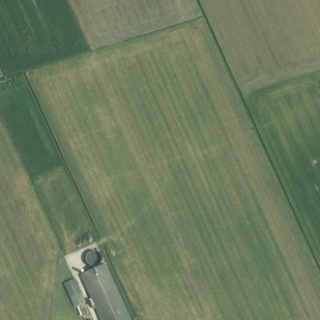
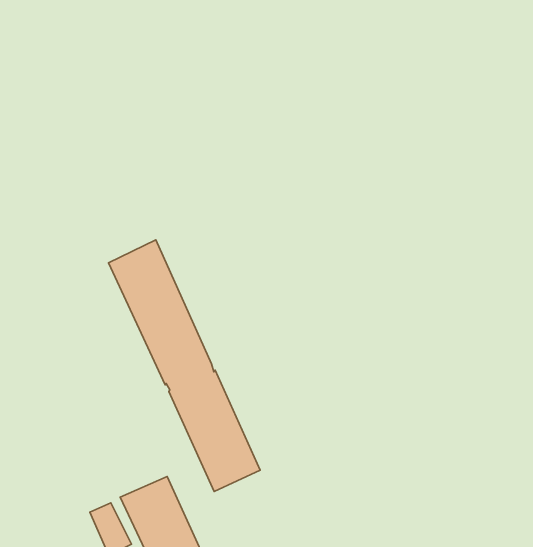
building: none -> [109,240,260,491]

